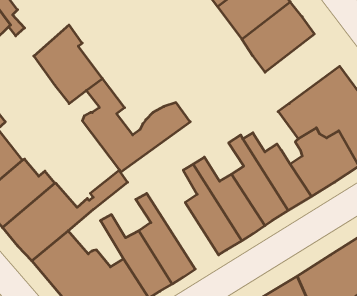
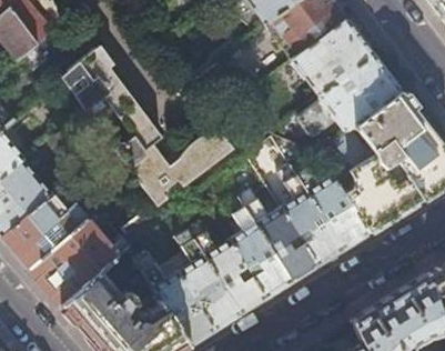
building: none -> [296,54,398,139]
building: none -> [186,222,265,313]

